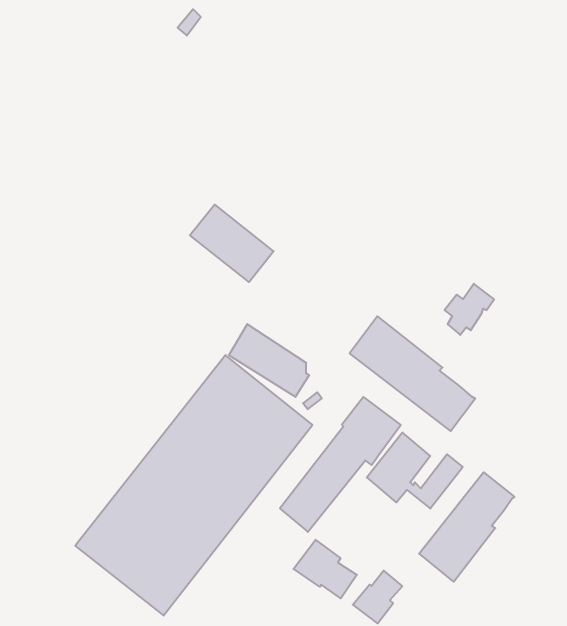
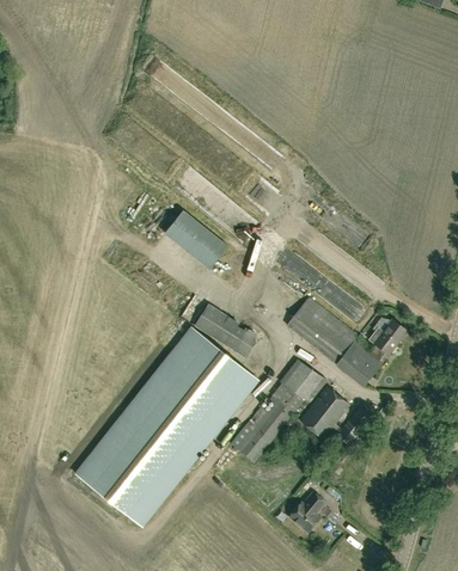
building: [445,284,494,335] -> [370,319,408,358]
building: [419,472,514,582] -> none
building: [293,540,357,598] -> none

